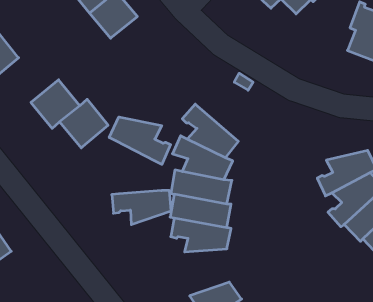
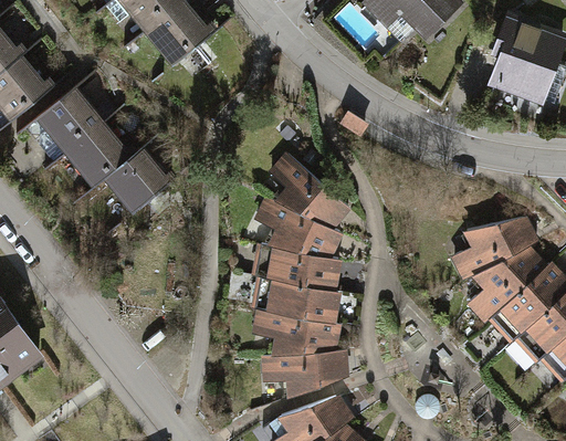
building: none -> [36,86,112,161]
building: [109,117,171,164] -> none
building: [112,191,171,225] -> [264,350,345,397]

